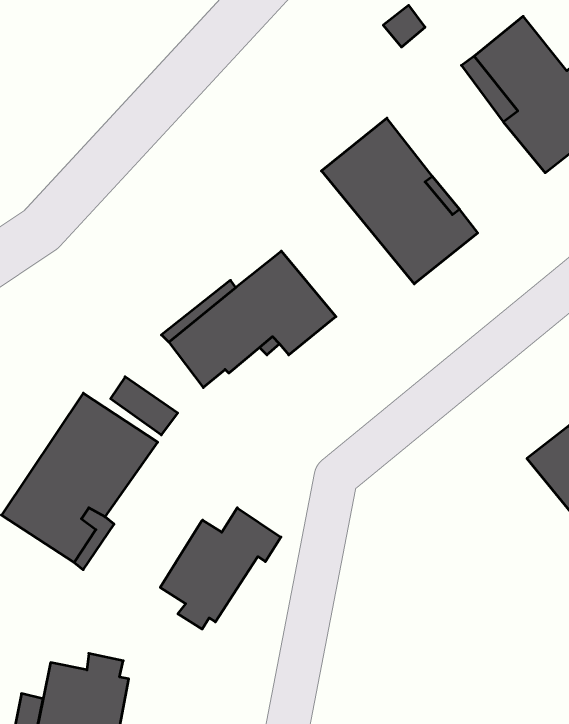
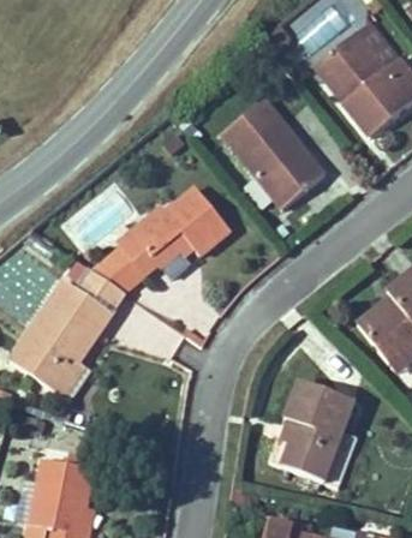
building: [160,508,281,629] -> none
building: none -> [269,379,358,486]

